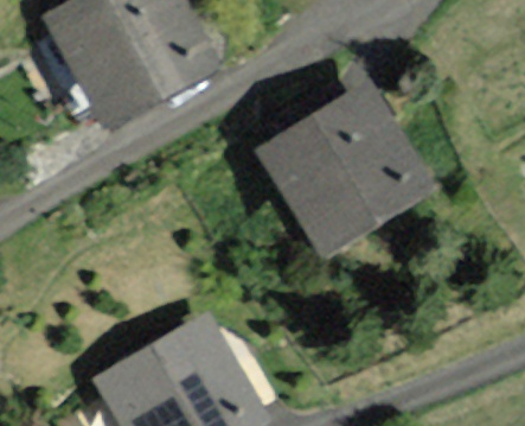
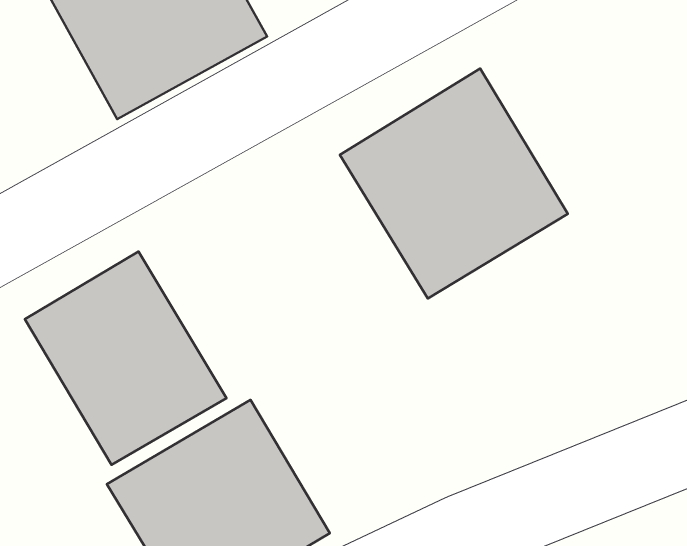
building: none -> [25,251,227,465]

